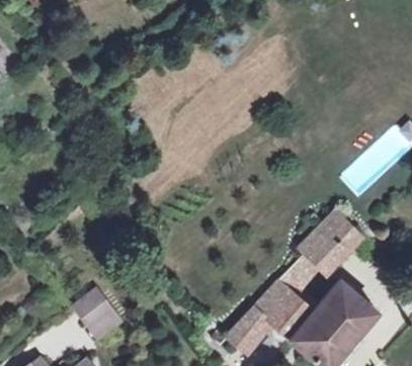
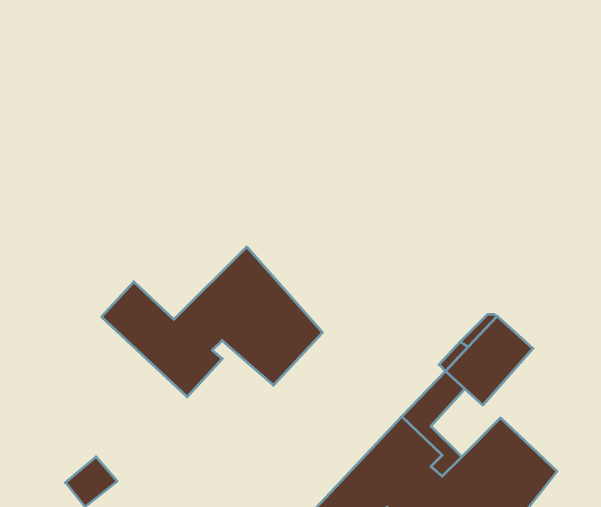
building: none -> [102,247,322,397]

